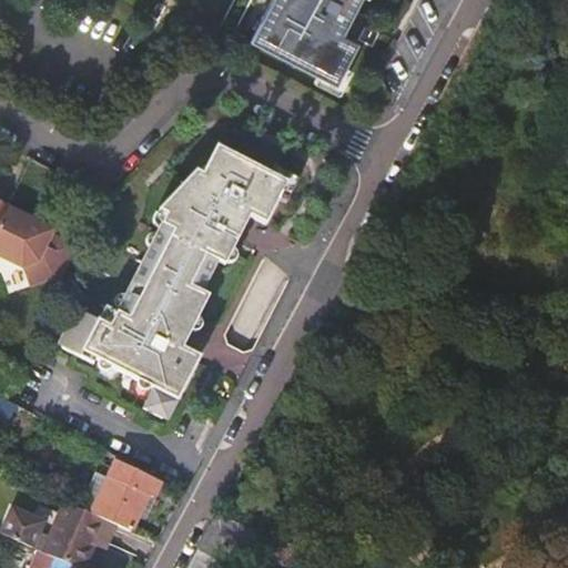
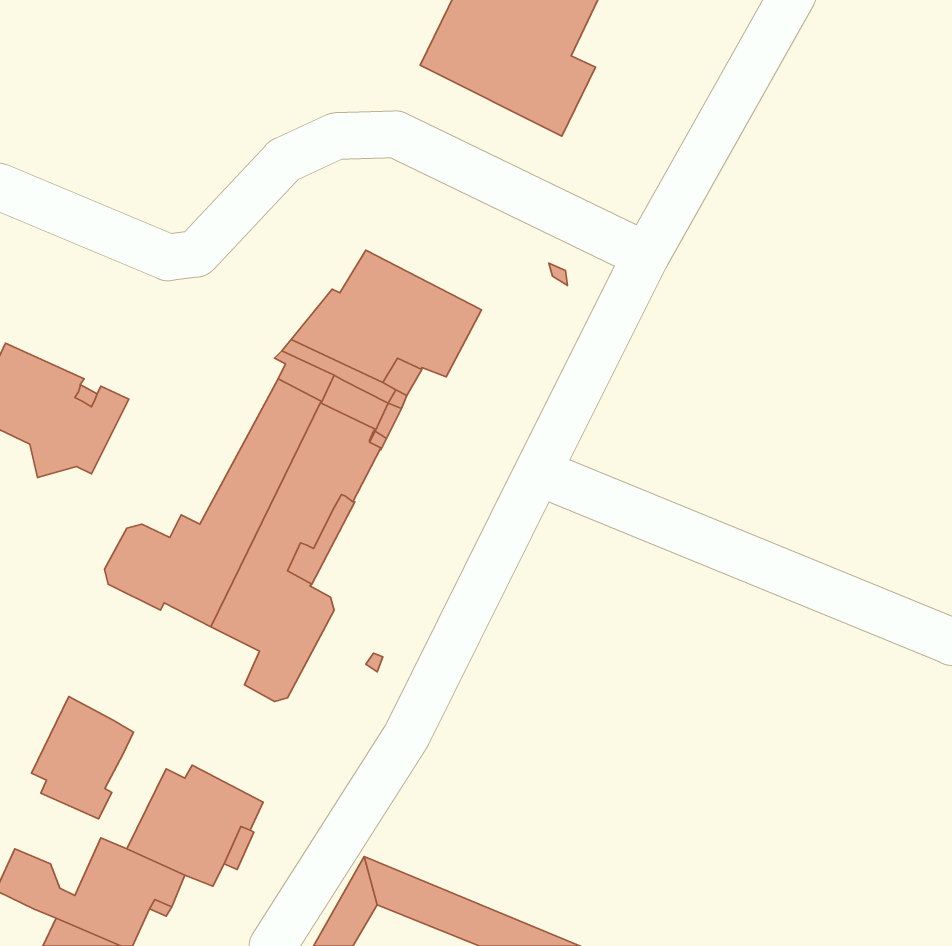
building: none -> [32,696,133,819]

